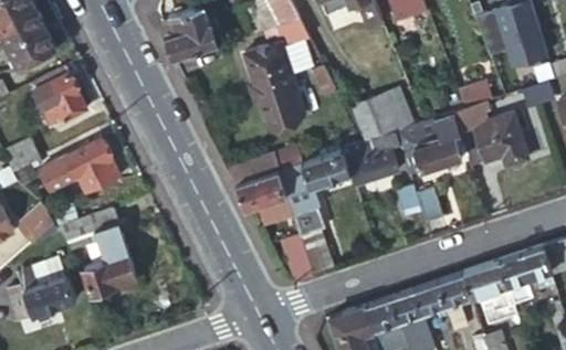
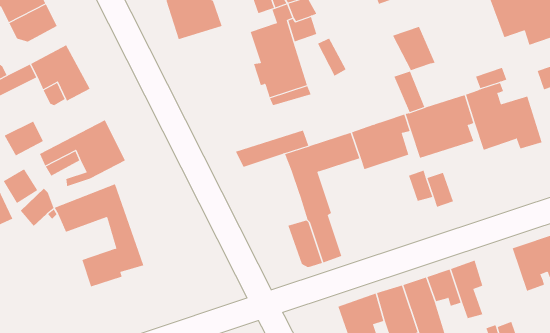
building: [356,95,398,138] -> [392,26,435,71]
building: [235,170,292,220] -> none
building: [462,262,514,320] -> none
building: [9,267,75,319] -> none

